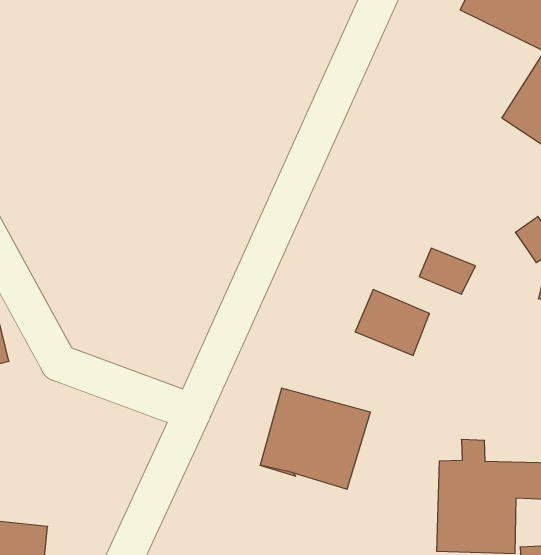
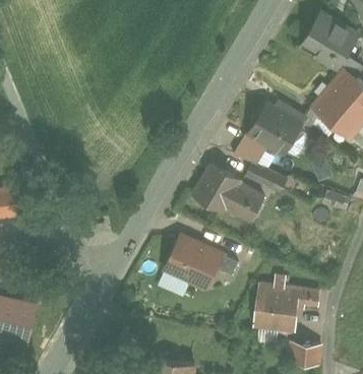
building: none -> [232,99,302,169]
building: none -> [191,164,239,212]

